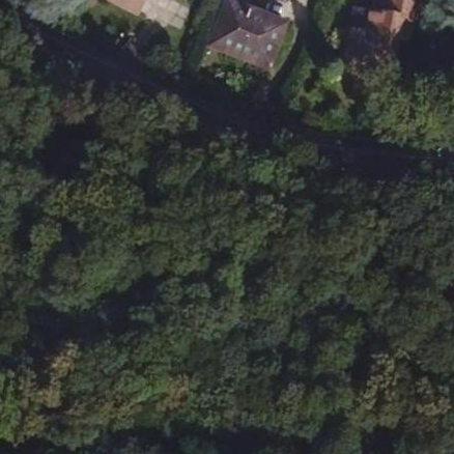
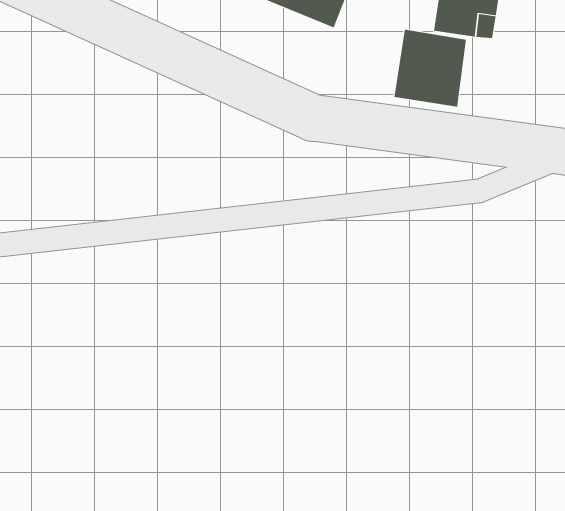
building: none -> [394,29,466,108]

